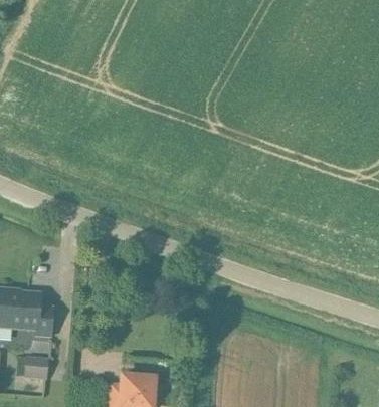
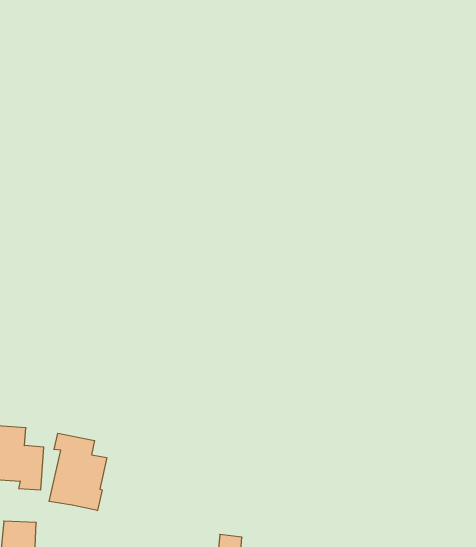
building: none -> [49,433,107,511]

